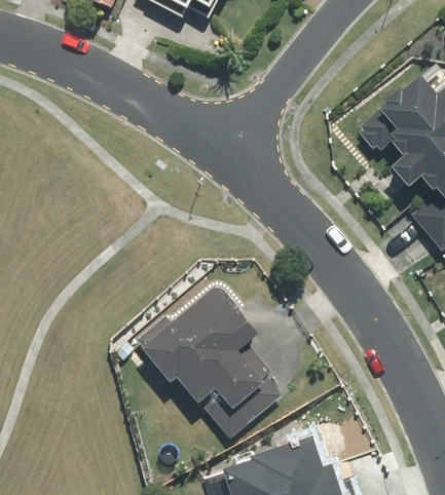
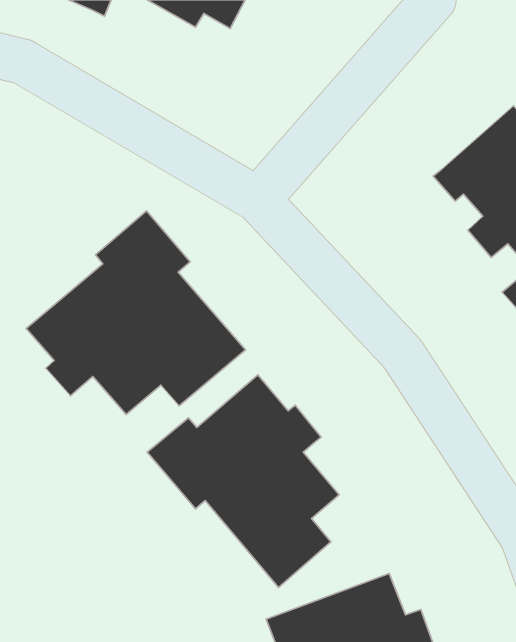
building: none -> [26,211,246,415]

